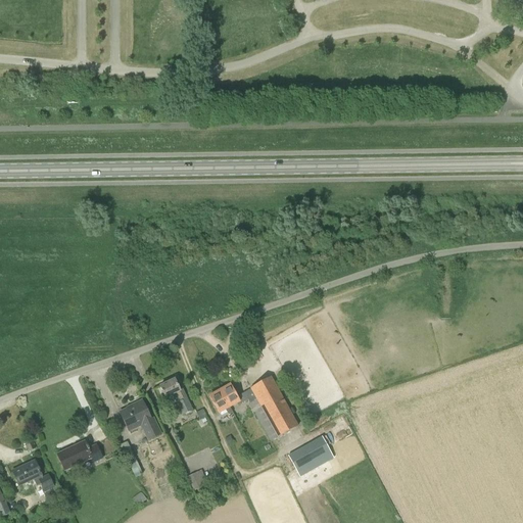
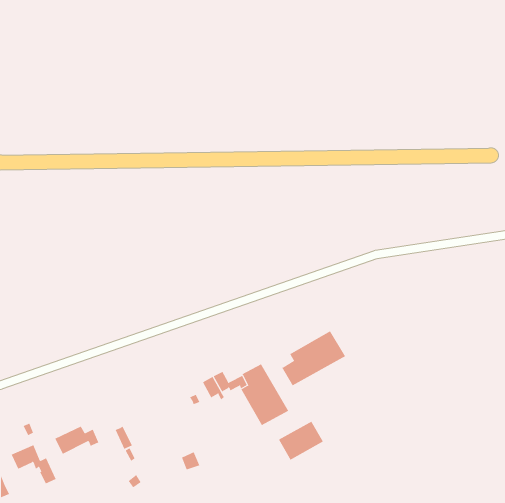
building: none -> [281,331,346,386]
building: [160,377,193,413] -> none
building: [121,398,161,438] -> none

